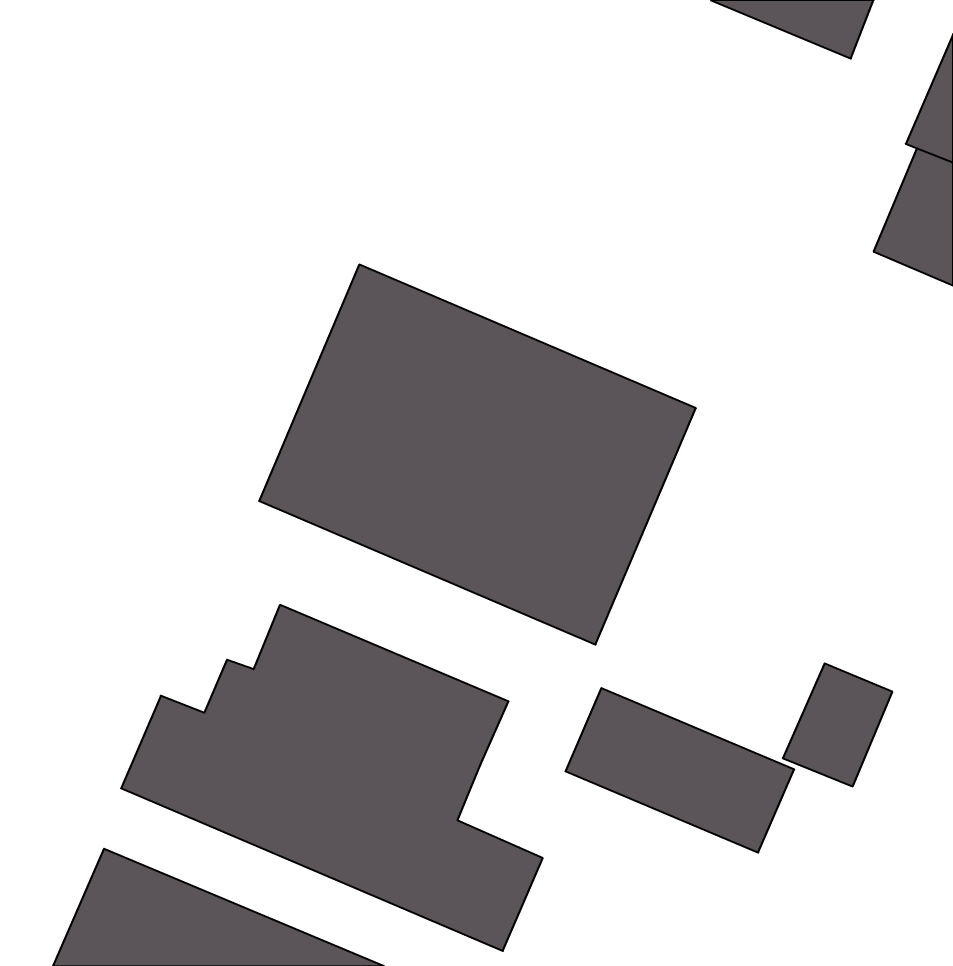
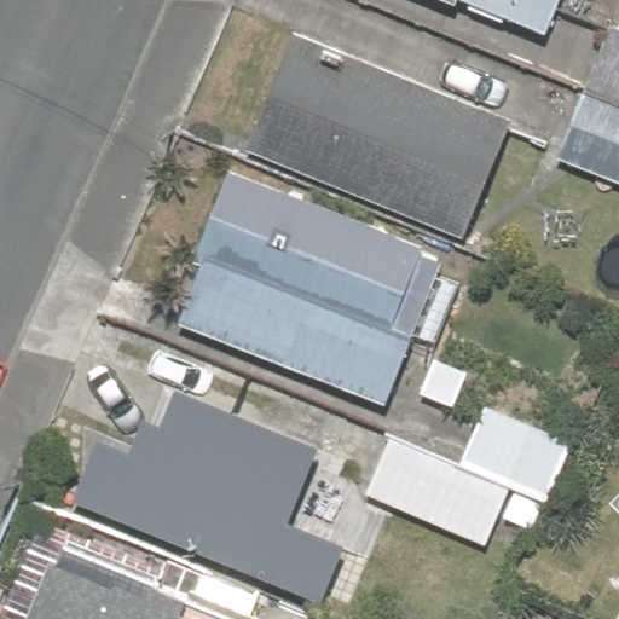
building: none -> [243,30,511,239]

